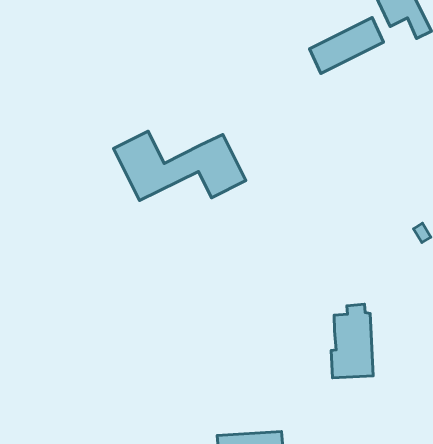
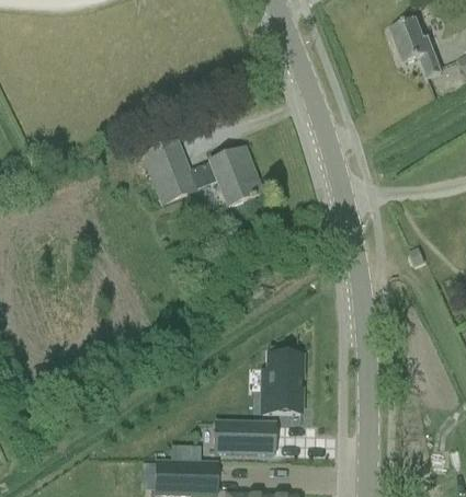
building: [309,18,384,73] -> none
building: [331,304,373,378] -> [261,347,300,413]

